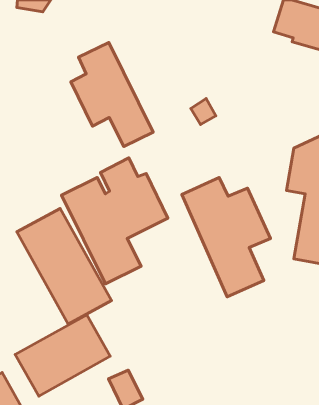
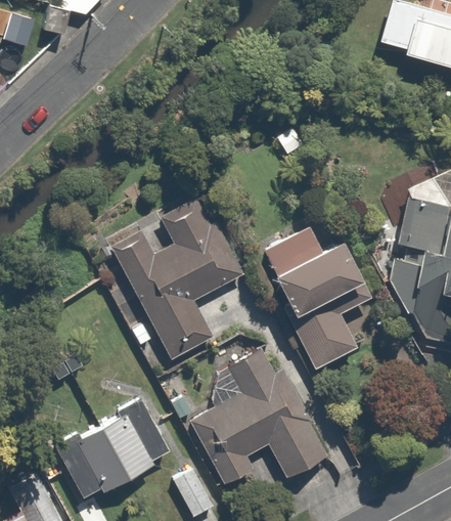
building: [71,43,153,147] -> none
building: [17,208,112,324] -> none
building: none -> [191,344,326,503]

